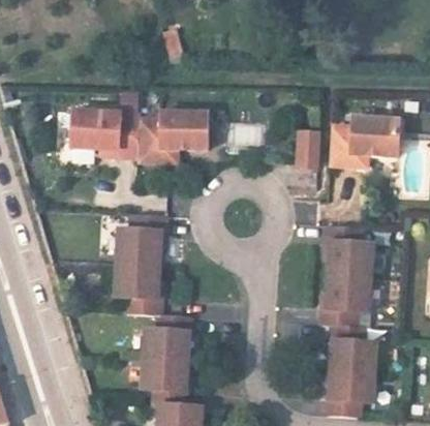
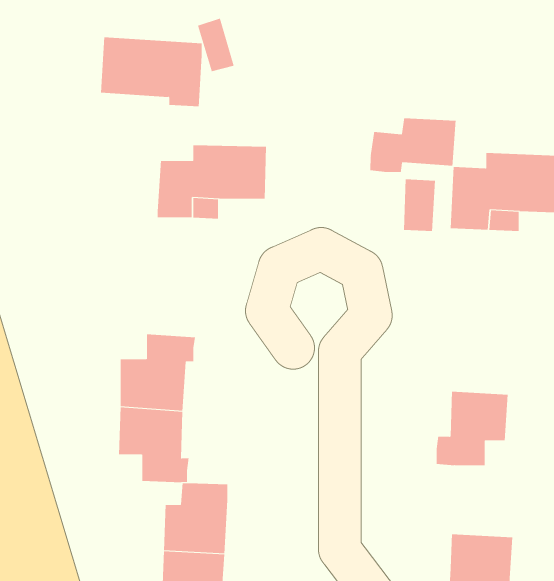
building: none -> [370,118,456,173]
building: [68,105,136,152] -> [100,37,203,107]
building: [326,222,371,274] -> none
building: [331,322,374,369] -> none

